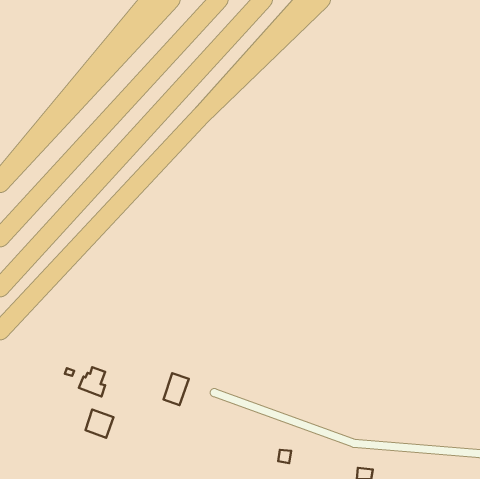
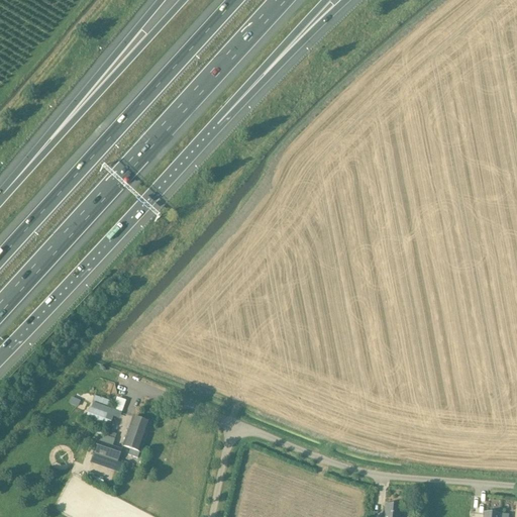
building: [164,373,189,405] -> [123,417,150,451]

